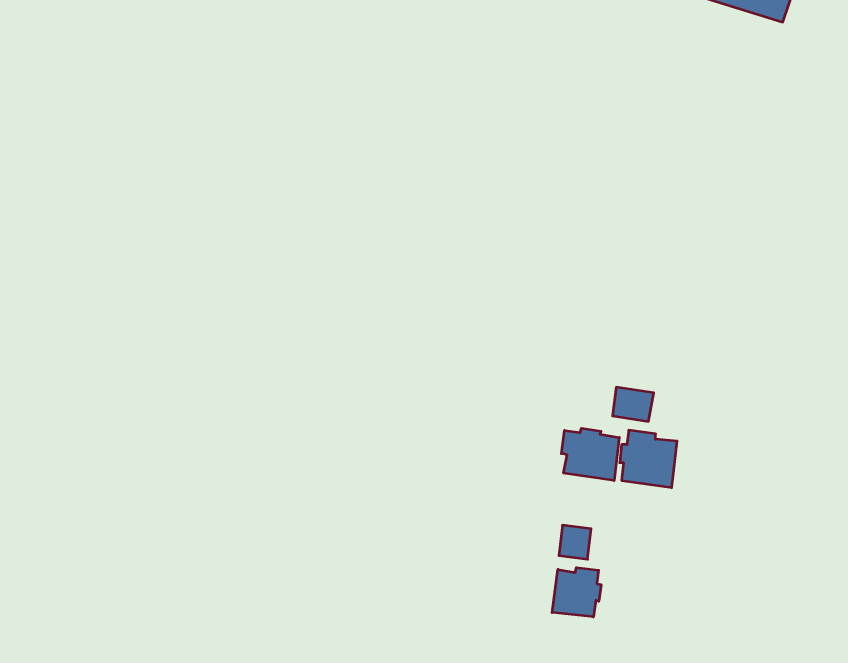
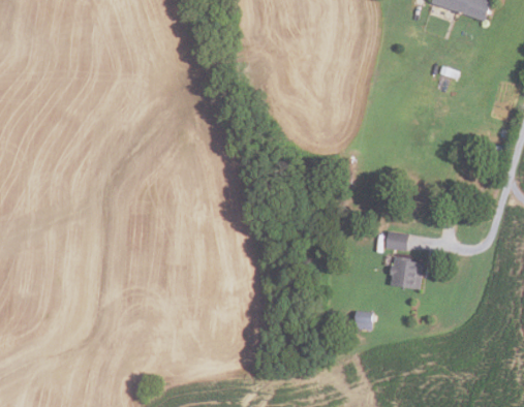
building: [561,428,619,481] -> none
building: [552,568,601,617] -> none

